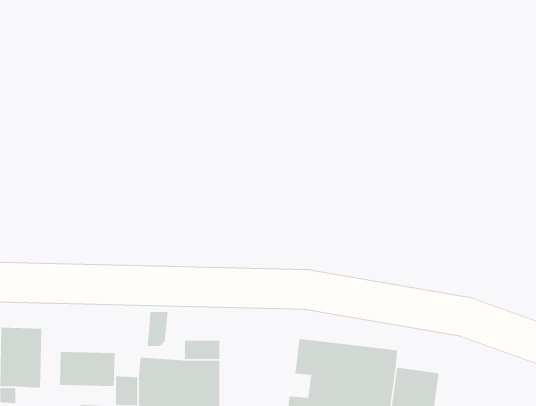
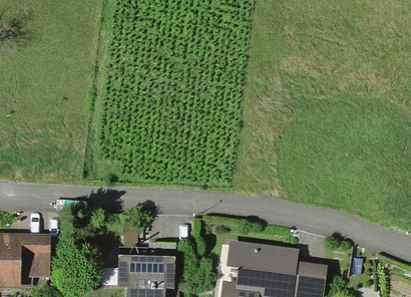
building: [59,351,115,387] -> none

